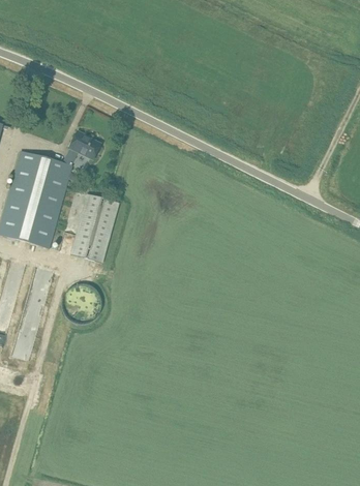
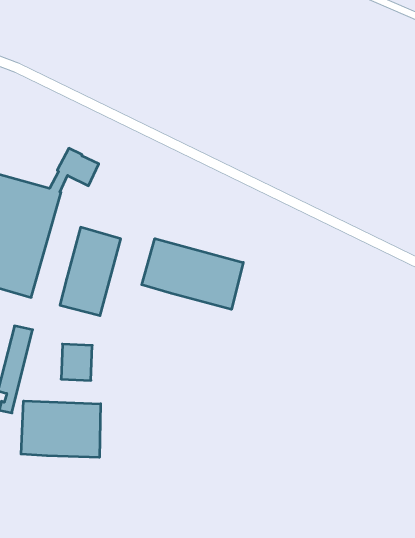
building: none -> [142,239,243,309]
building: none -> [21,401,101,457]

